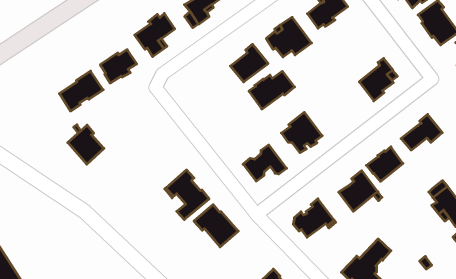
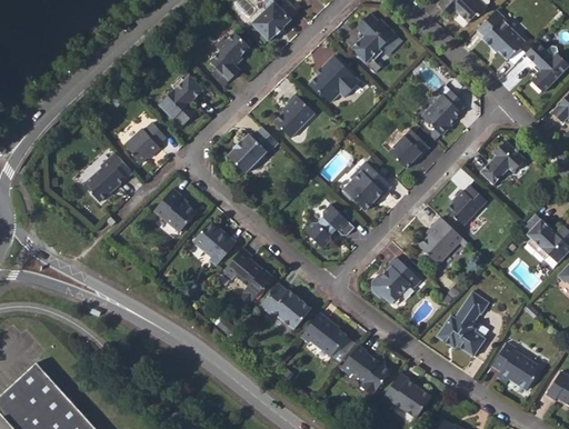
building: [249,71,295,109] -> [228,127,279,173]
building: none -> [389,129,430,169]
building: [68,125,104,164] -> [154,188,197,232]
building: none -> [193,222,237,266]
building: none -> [301,312,347,356]

